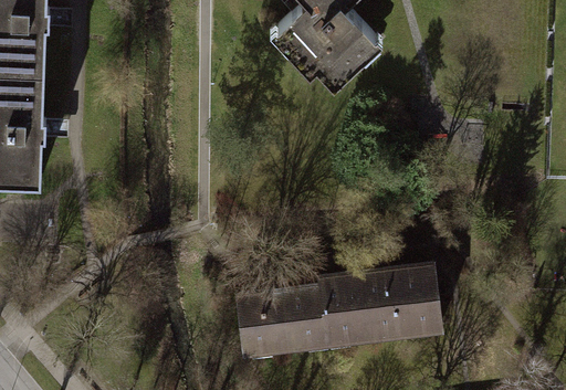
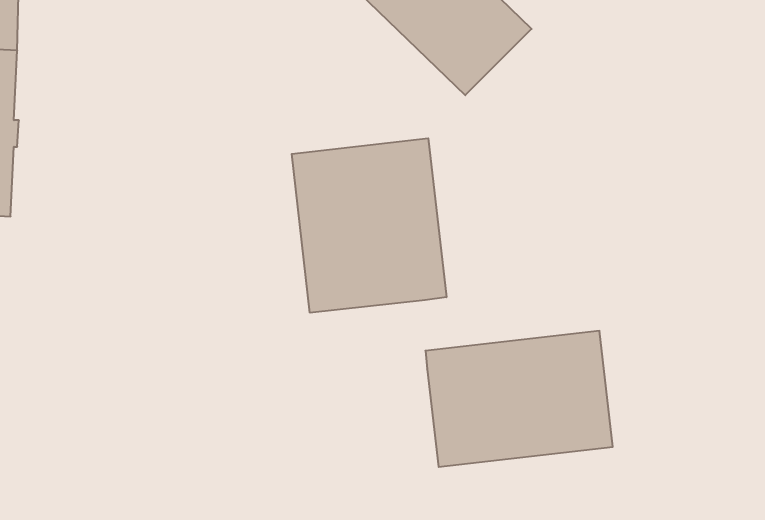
building: none -> [292,138,446,313]
building: [234,286,325,361] -> none

